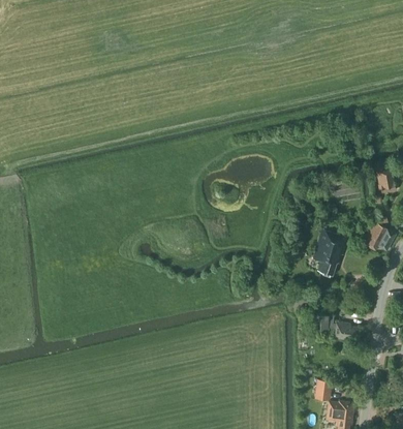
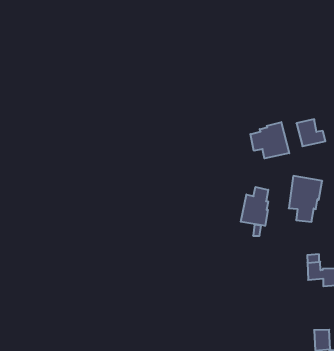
building: none -> [250,122,289,158]
building: none -> [241,187,268,226]

